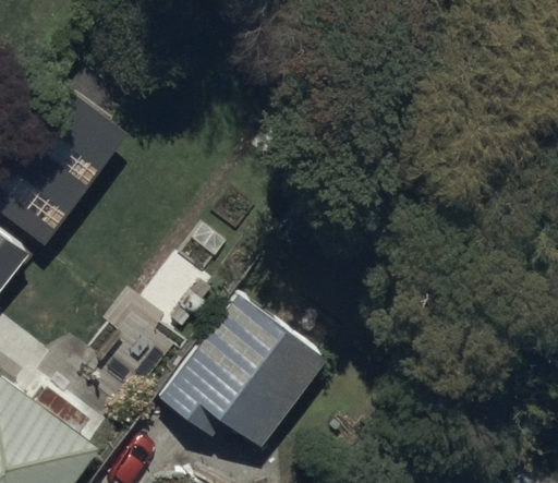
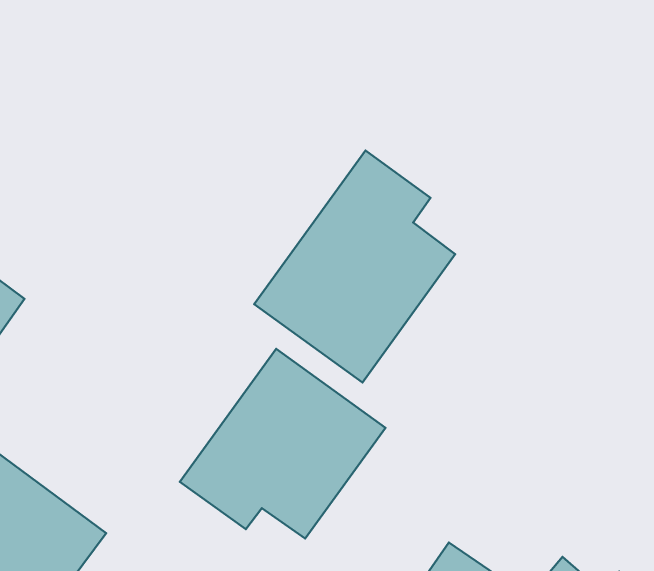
building: none -> [254,151,455,382]

